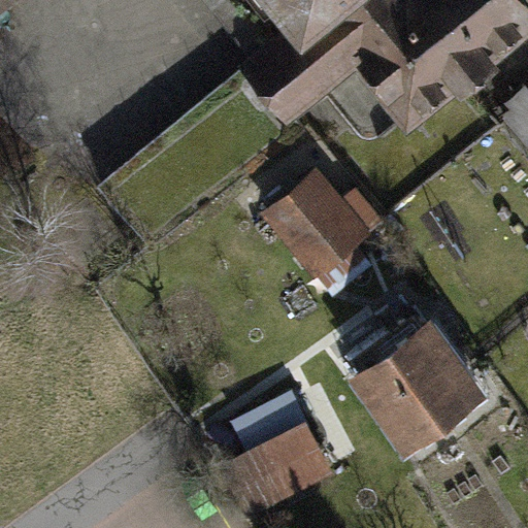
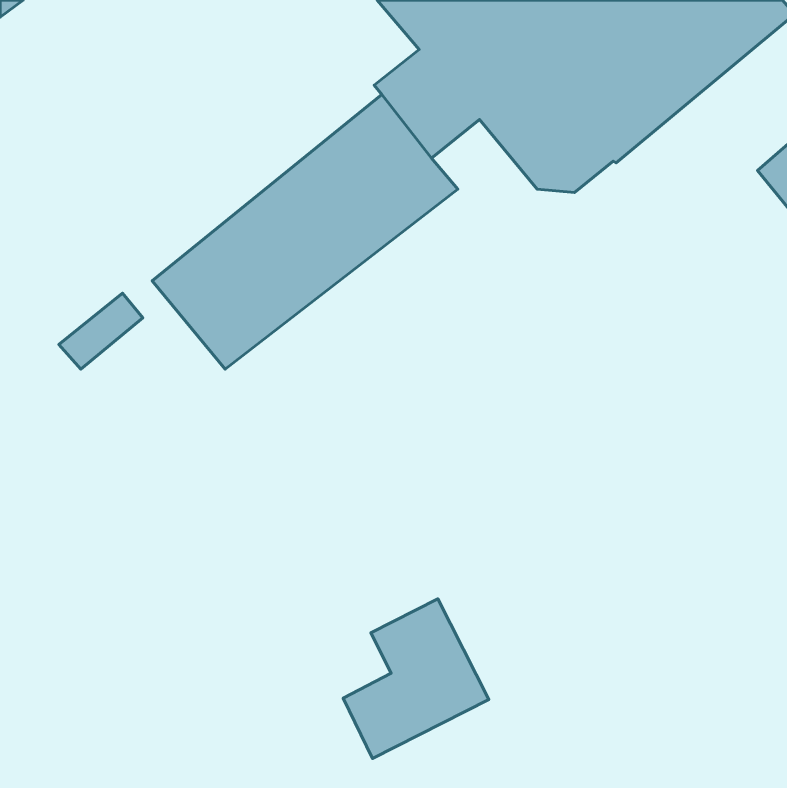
building: [275,175,382,267] -> none
building: [364,325,480,439] -> none

